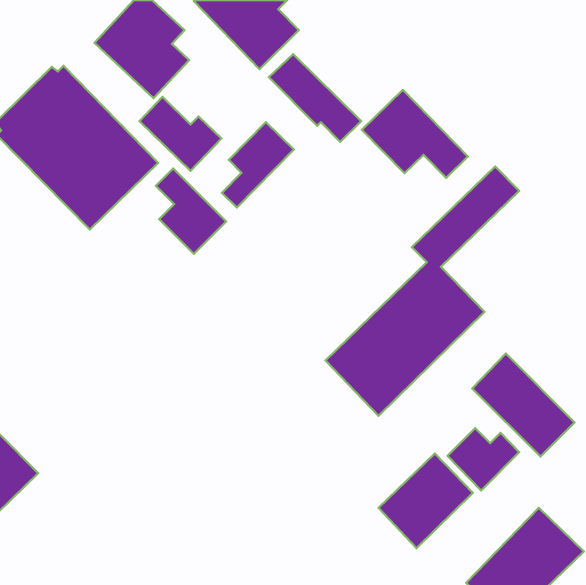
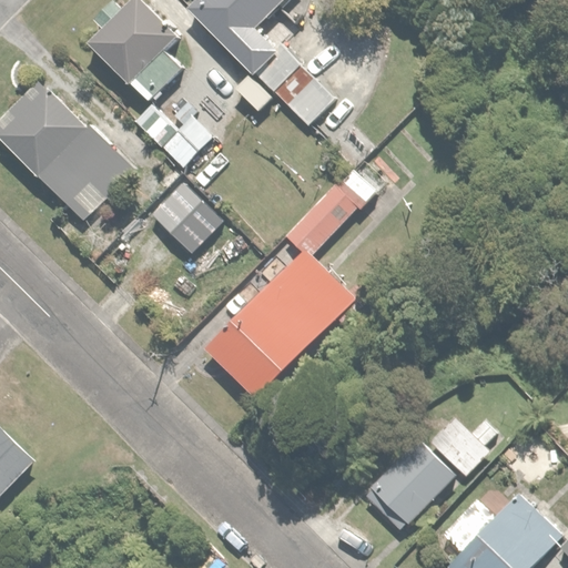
building: [362,90,468,178] -> none
building: [222,122,294,208] -> none
building: [325,167,519,416] -> [200,159,386,398]
building: [472,354,574,456] -> none

